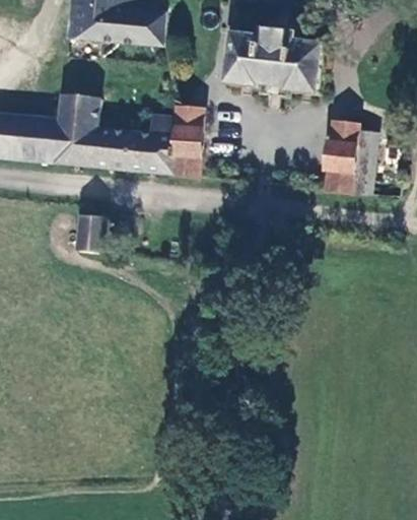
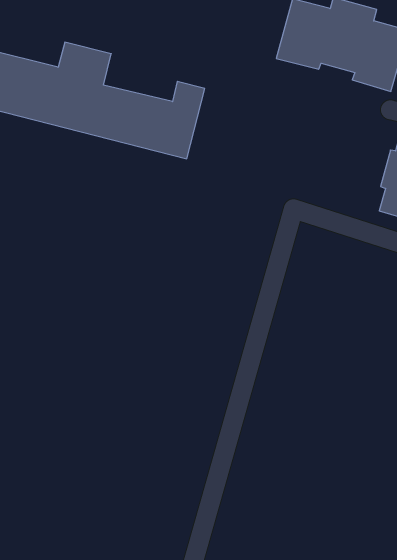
building: [169,107,205,175] -> none
building: [76,213,108,252] -> none

